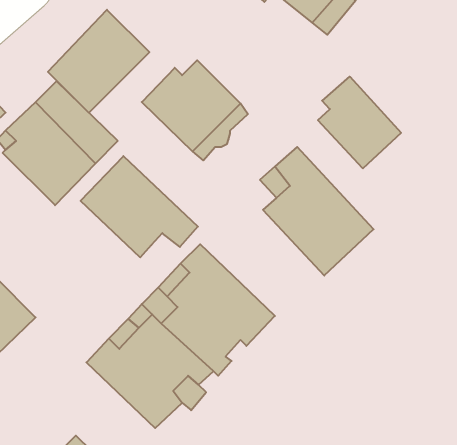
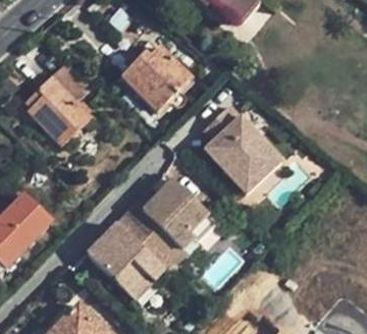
building: [48,10,149,113] -> none
building: [318,77,401,168] -> none
building: [81,156,198,257] -> none

